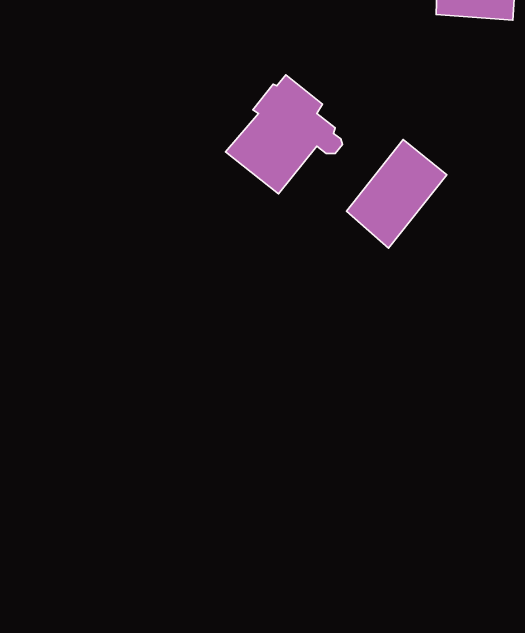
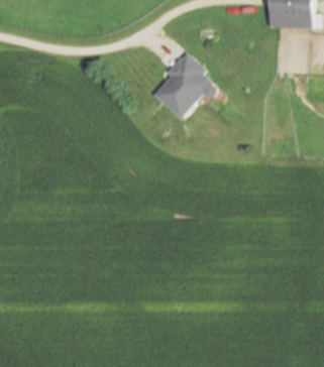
building: [346,139,447,248] -> none

